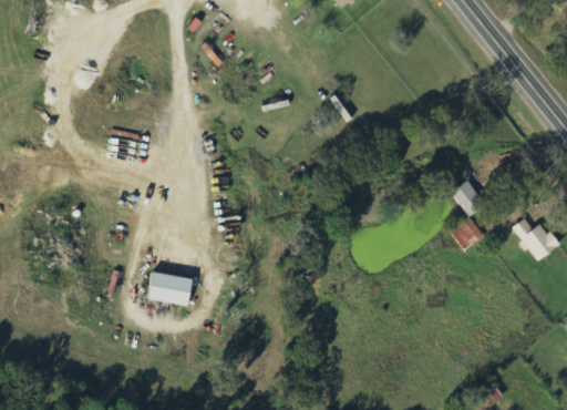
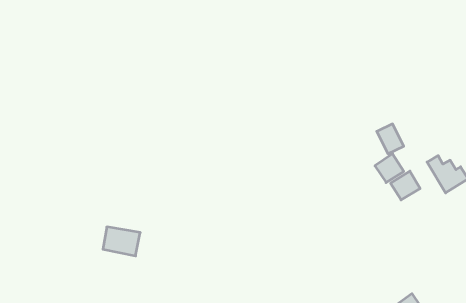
building: none -> [391,171,420,200]
building: [150,271,194,306] -> [103,227,140,256]

